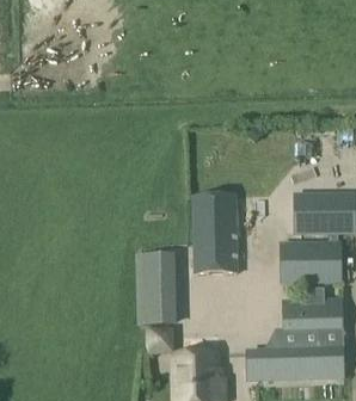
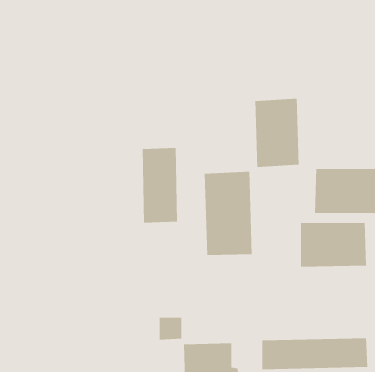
building: none -> [255,98,299,168]
building: [140,254,173,325] -> [142,148,178,223]
building: [283,286,342,328] -> none

